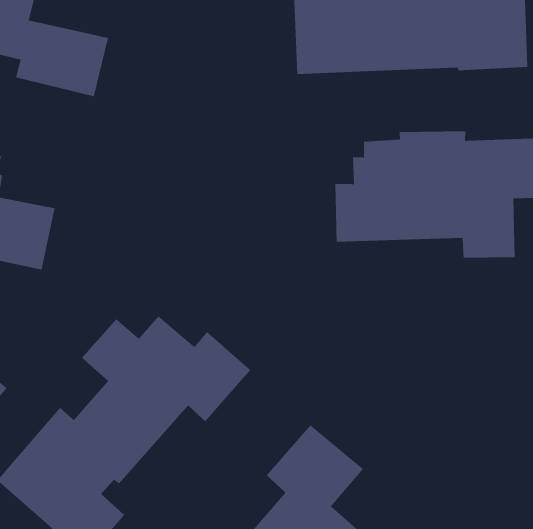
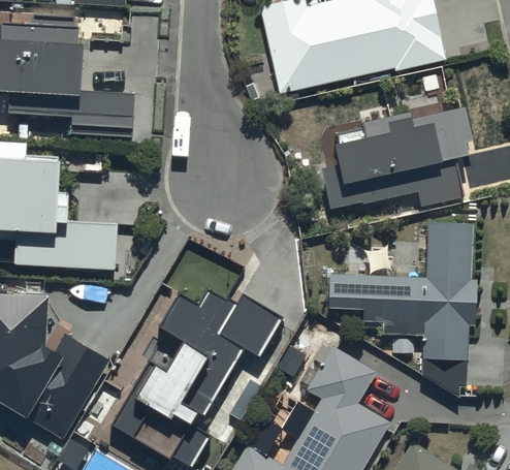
building: none -> [326,222,476,397]

